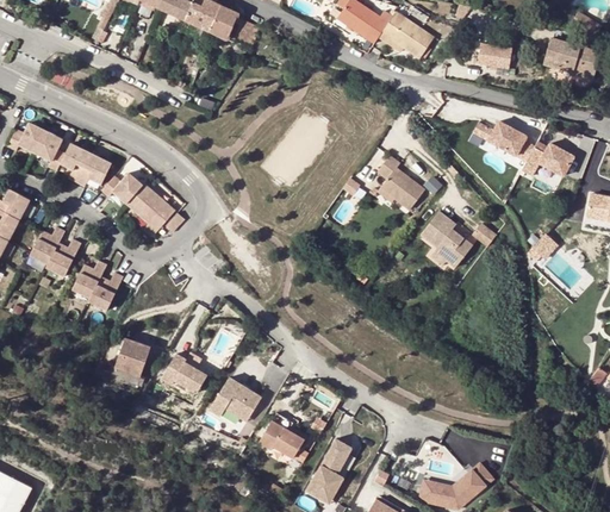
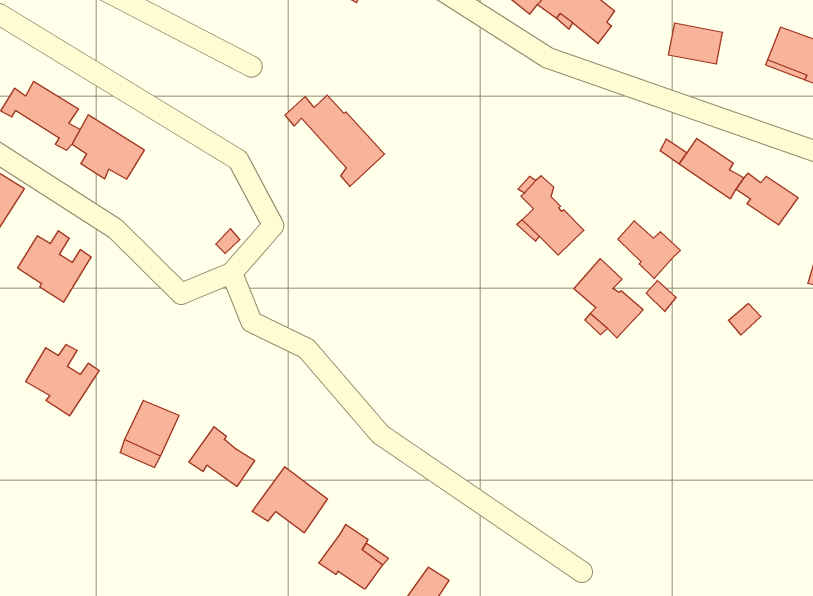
building: [100,173,173,236] -> [285,95,385,187]
building: none -> [618,221,680,279]
building: [71,258,123,308] -> [26,344,99,416]

